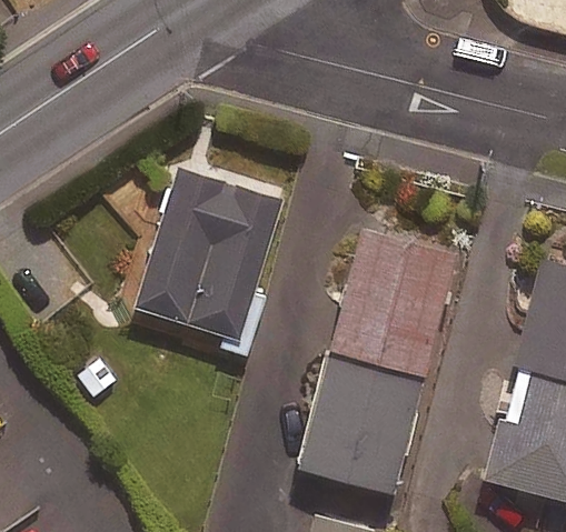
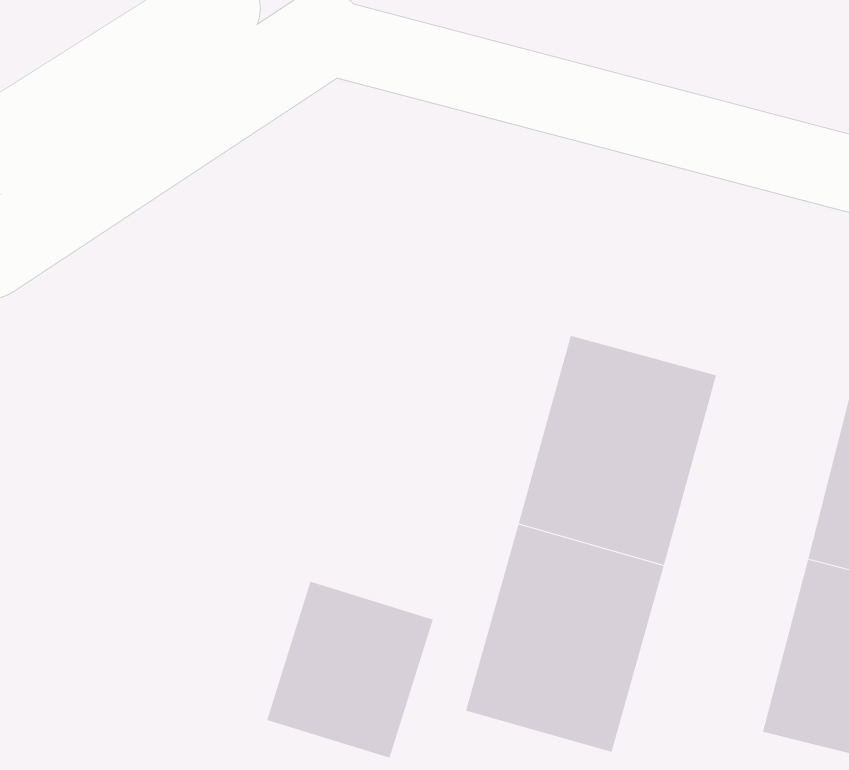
building: [131,171,282,360] -> none
building: none -> [266,581,434,758]

